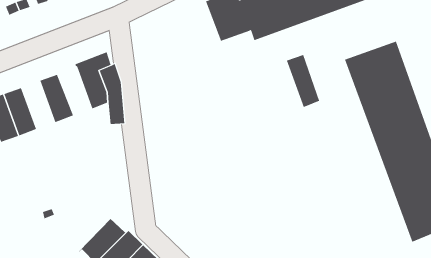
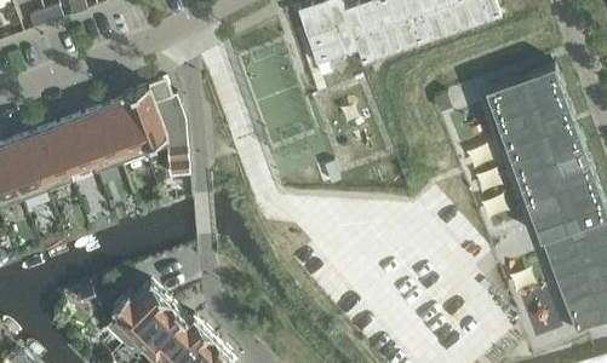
building: [286,54,320,108] -> none
building: none -> [99,99,145,165]
building: none -> [51,117,96,183]
building: none -> [105,282,171,347]

